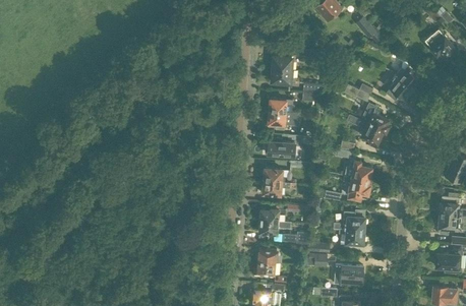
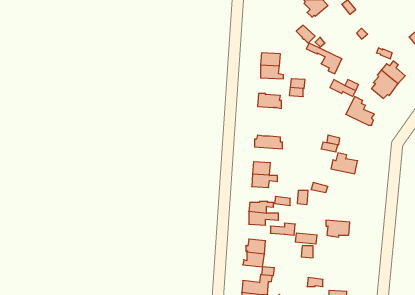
building: [268,110,298,128] -> none
building: [346,113,383,144] -> [306,43,342,74]
building: [343,174,369,197] -> none
building: [333,208,364,229] -> none
building: [334,262,362,284] -> none

